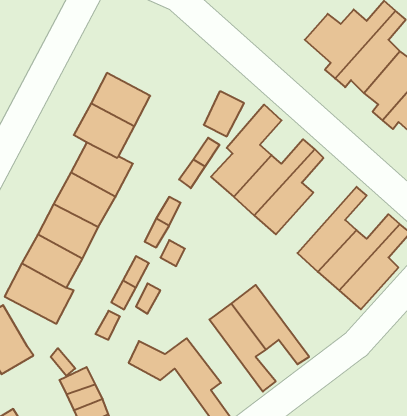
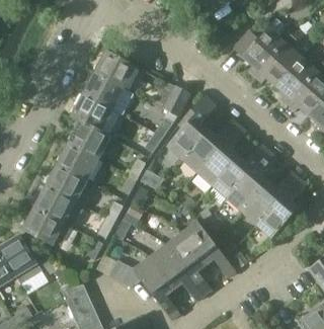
building: none -> [94,51,137,89]
building: none -> [213,147,269,199]
building: none -> [150,246,204,302]

